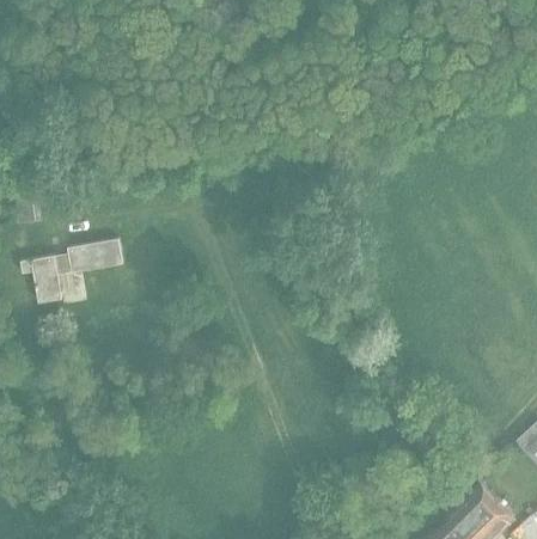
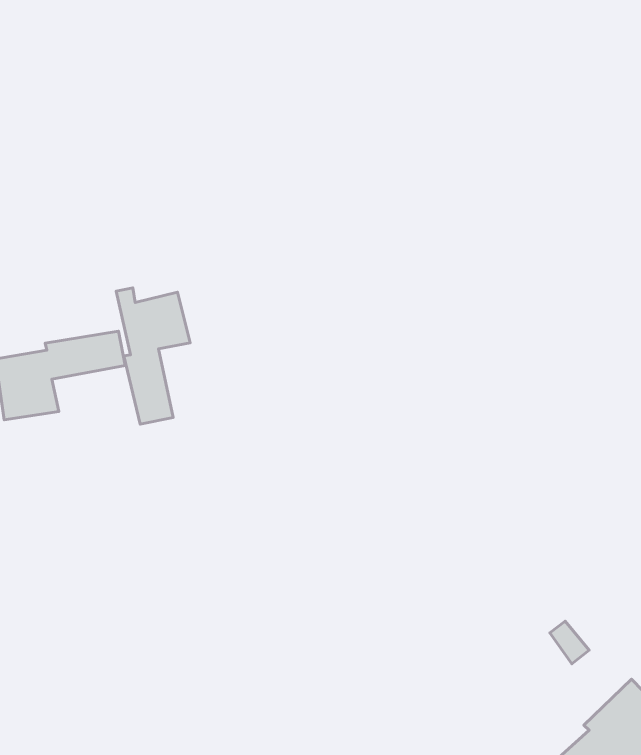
building: none -> [116,288,190,424]

